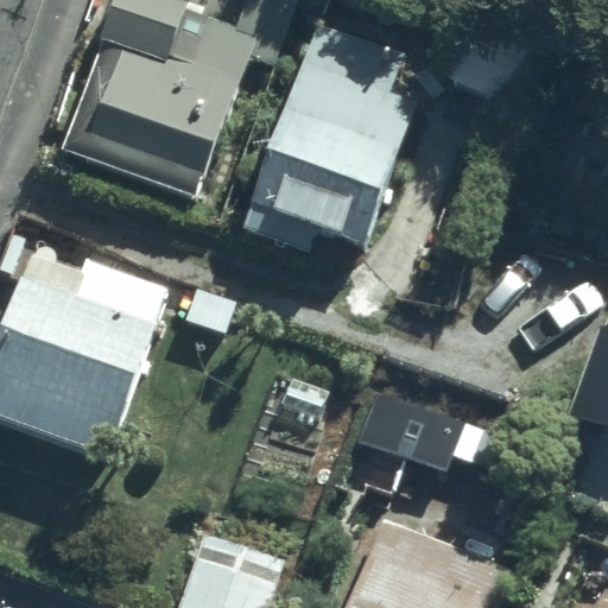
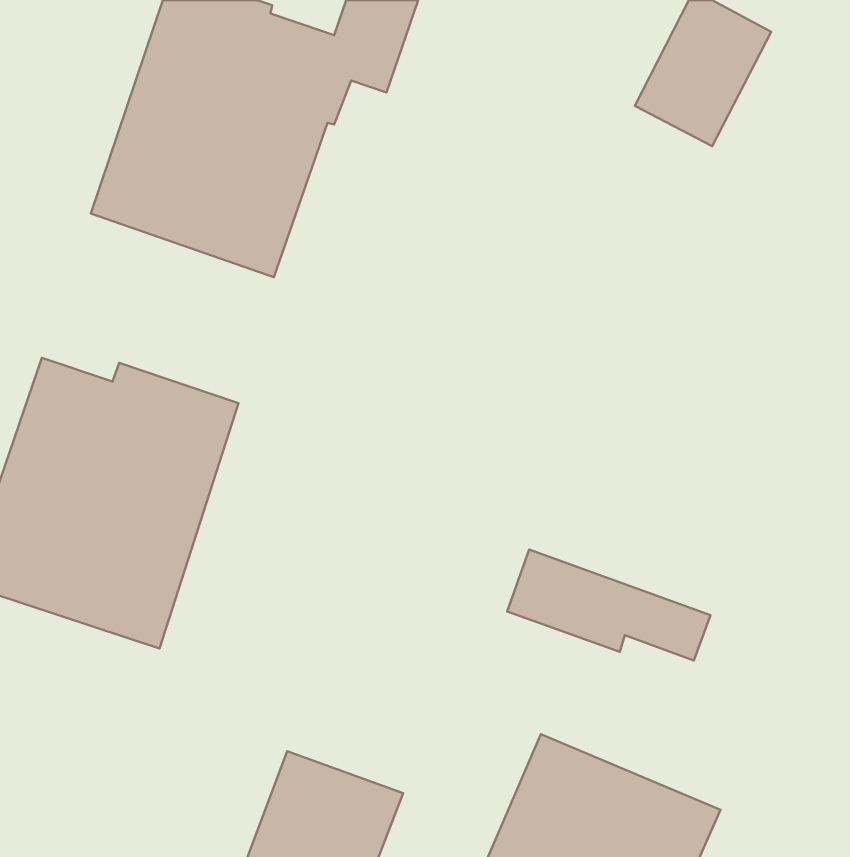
building: [242,20,413,253] -> none

